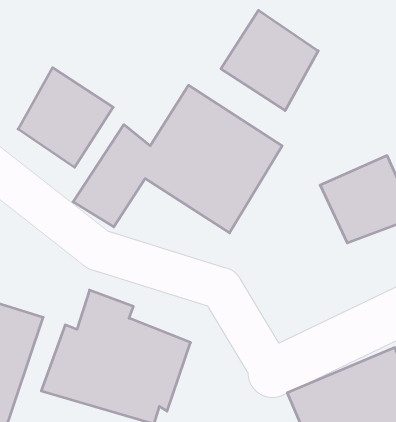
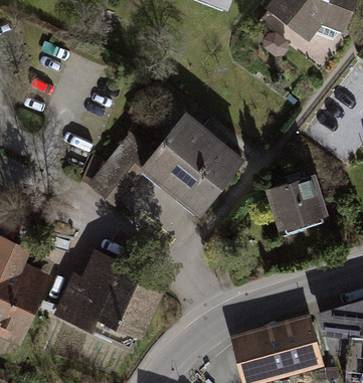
building: [221,10,318,111] -> none
building: [18,68,113,167] -> none

